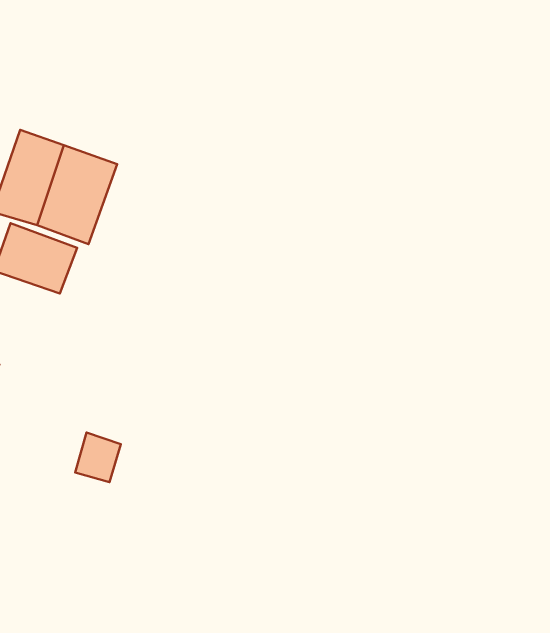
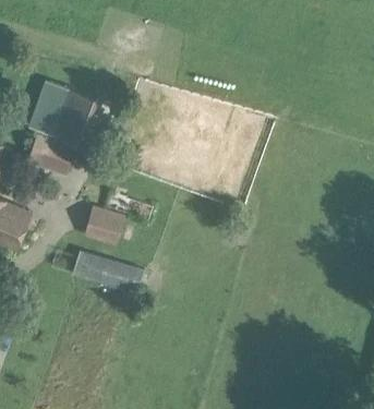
building: none -> [92,210,125,243]
building: none -> [94,256,143,294]

